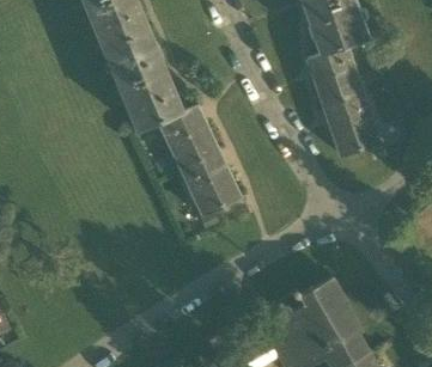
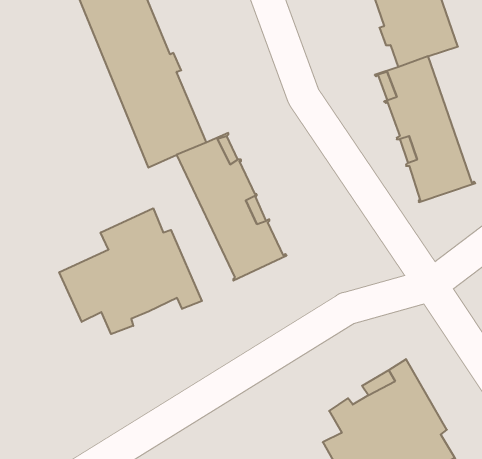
building: none -> [59,208,202,334]

